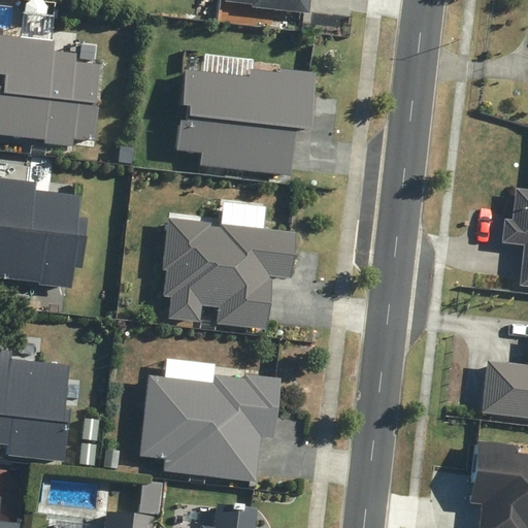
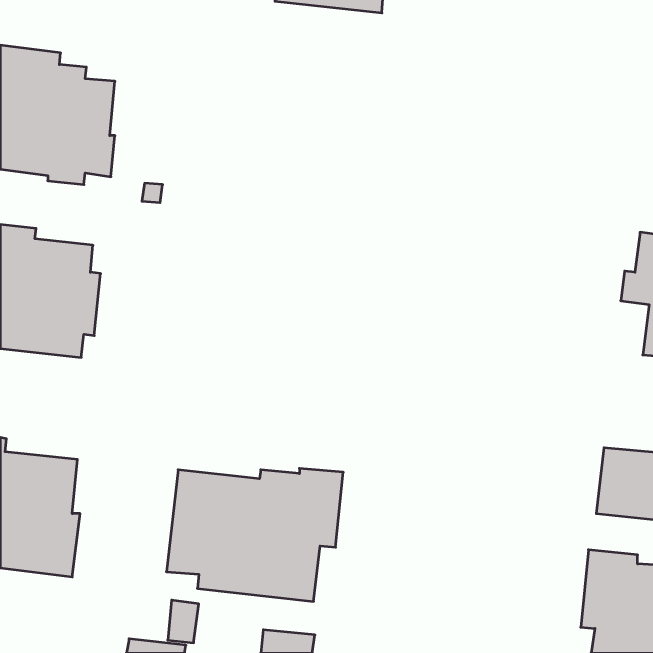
building: [176,68,316,174] -> none
building: [162,218,296,329] -> none

